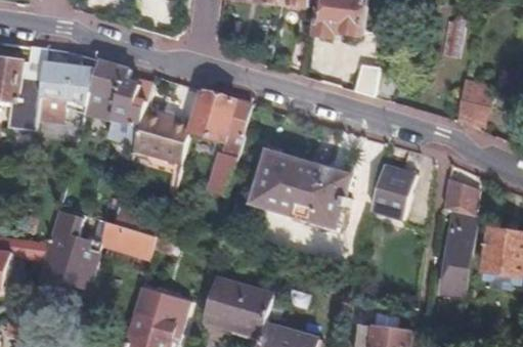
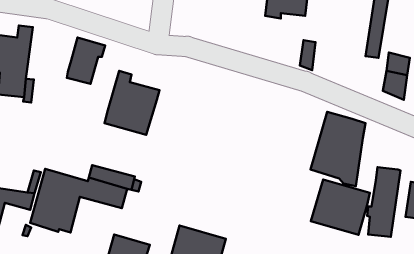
building: [42,60,89,99] -> none
building: [104,81,149,144] -> none
building: [189,90,252,196] -> none
building: [255,151,351,224] -> none
building: [440,177,476,214] -> none
building: none -> [311,180,370,235]

